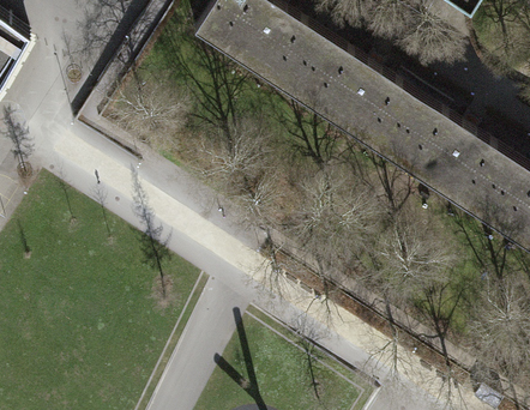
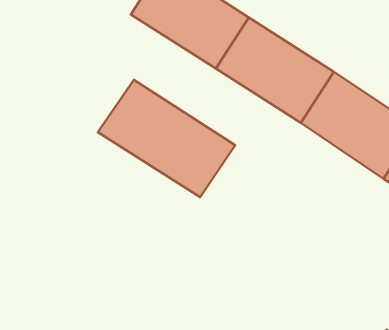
building: none -> [98,80,235,197]

